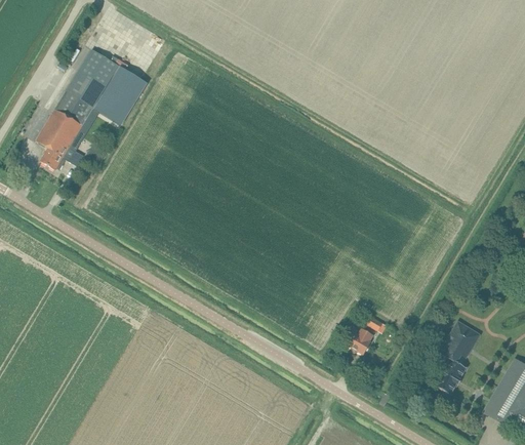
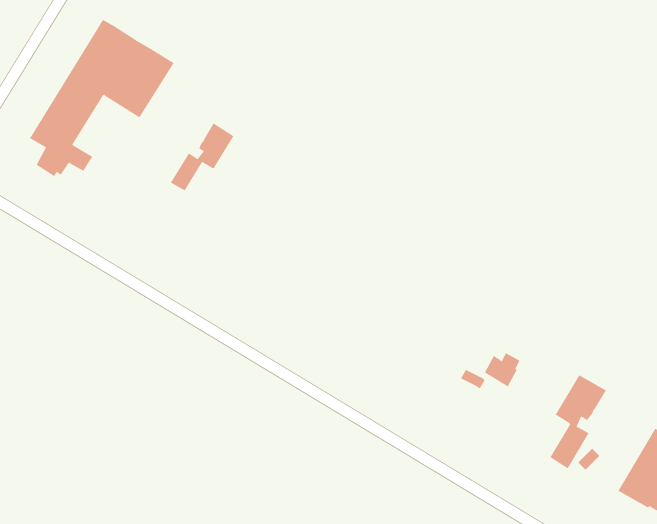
building: none -> [170,122,234,191]
building: [346,327,373,354] -> [484,353,520,387]

